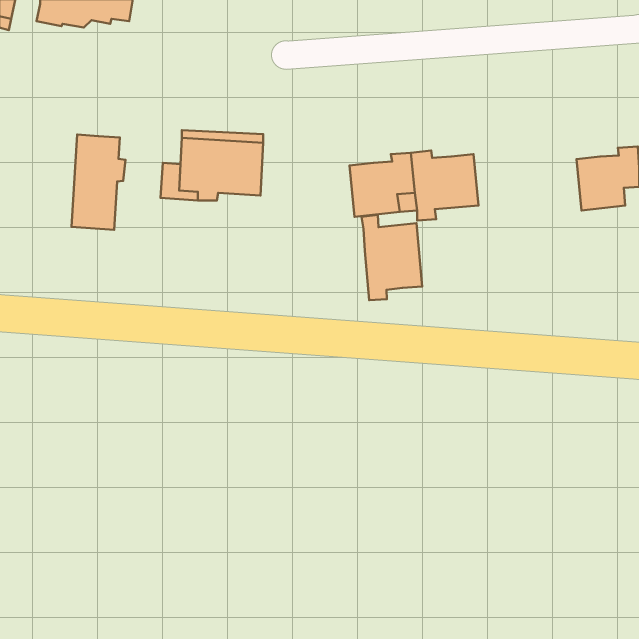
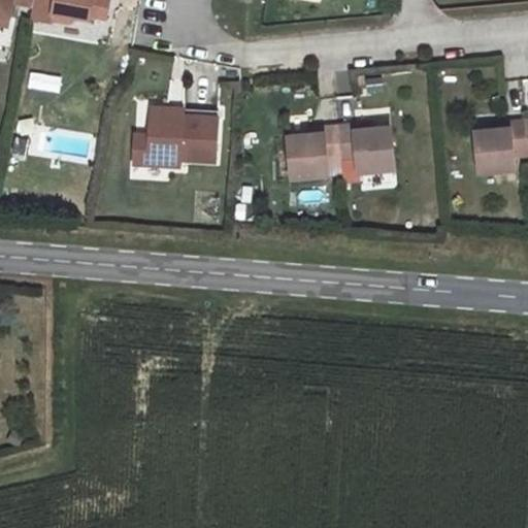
building: [72,134,125,230] -> none
building: [362,215,422,300] -> none

